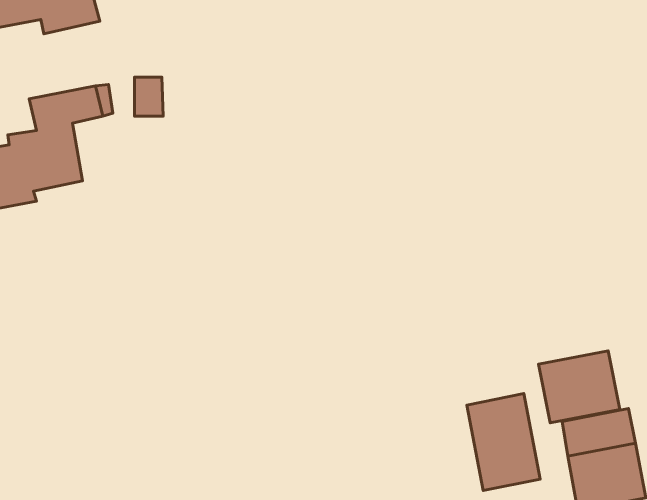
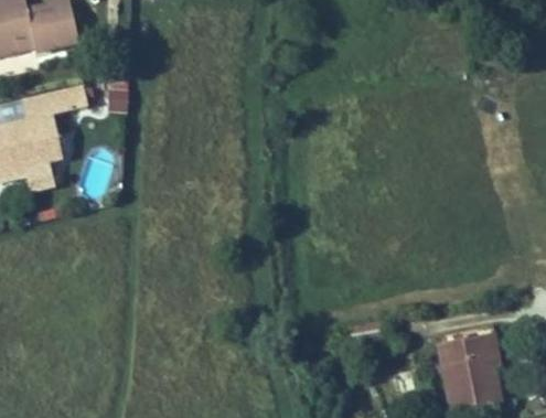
building: [538,351,620,423] -> none
building: [467,394,540,490] -> none

